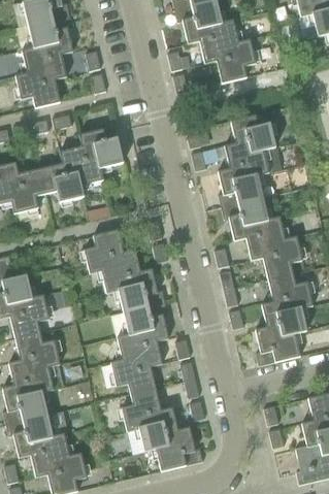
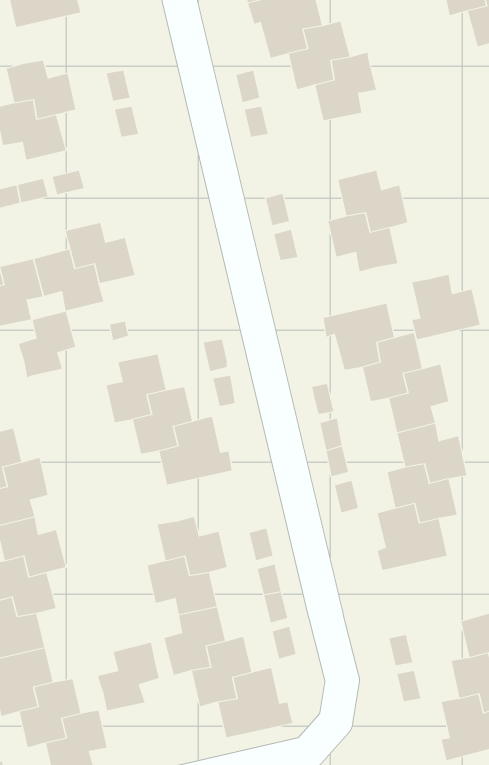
building: [28,14,72,56] -> none
building: [78,121,123,168] -> none
building: [218,165,261,206] -> [411,274,480,340]
building: none -> [18,311,76,378]
building: [123,302,167,343] -> none
building: none -> [97,642,159,711]

